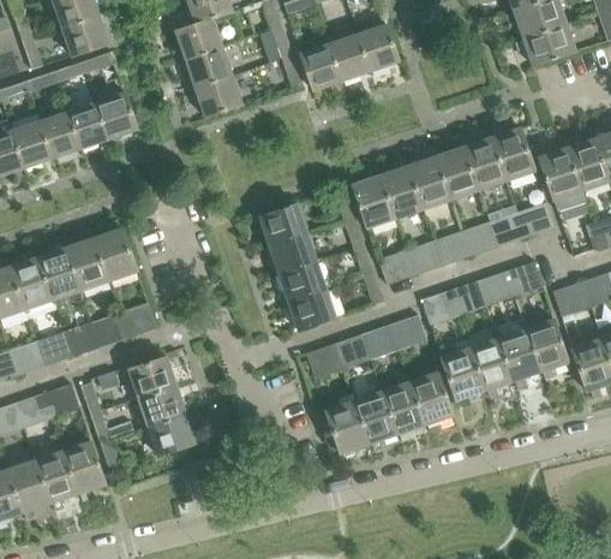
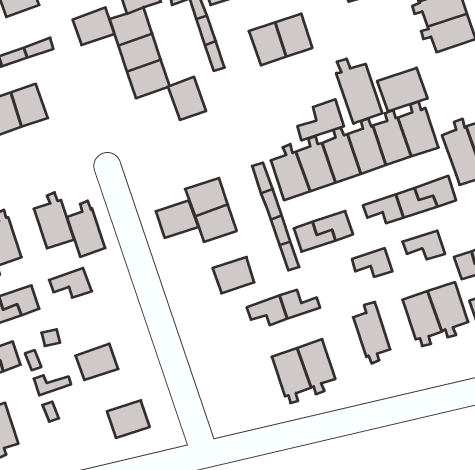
building: [62,14,108,55] -> [73,8,114,45]
building: [299,43,341,90] -> [168,77,206,120]
building: none -> [336,59,382,124]
building: none -> [377,68,427,112]
building: [95,90,137,138] -> none
building: none -> [298,99,344,140]
building: [65,230,107,291] -> [67,201,105,257]
building: [433,234,478,266] -> none
building: [278,262,325,303] -> [156,201,199,238]
building: [477,274,522,307] -> none
building: [421,293,465,325] -> none
building: [381,314,425,346] -> none
building: [90,316,134,347] -> none
building: [468,338,510,398] -> none
building: [305,346,351,377] -> none
building: [128,357,175,399] -> none
building: [408,370,453,432] -> none
building: [321,394,367,458] -> none
building: [148,414,194,454] -> [107,400,150,438]
building: [61,441,104,501] -> none

